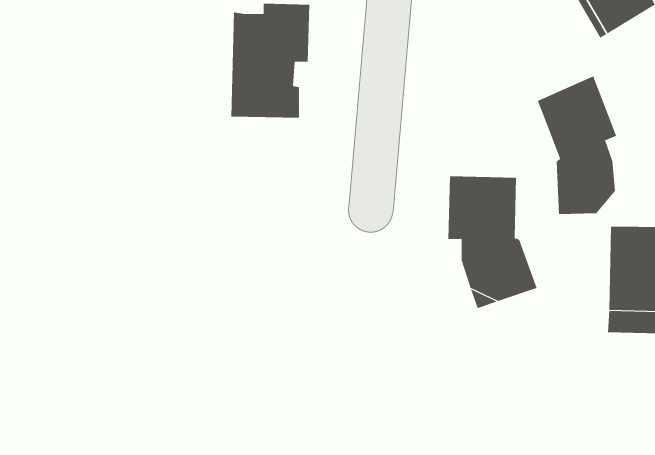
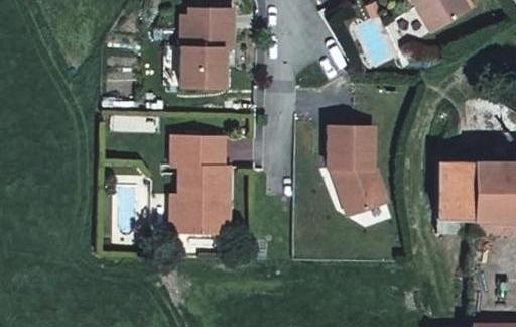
building: [537,75,617,215] -> none
building: none -> [170,136,230,233]

